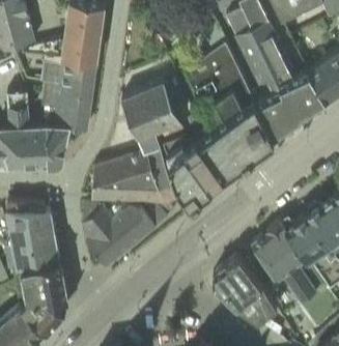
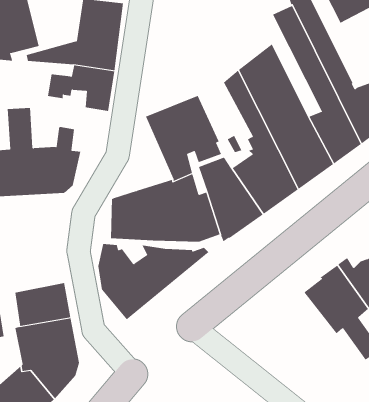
building: [51,79,91,132] -> none
building: [7,203,55,246] -> none
building: [213,256,277,325] -> none

